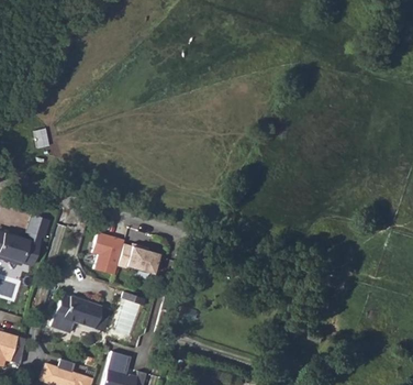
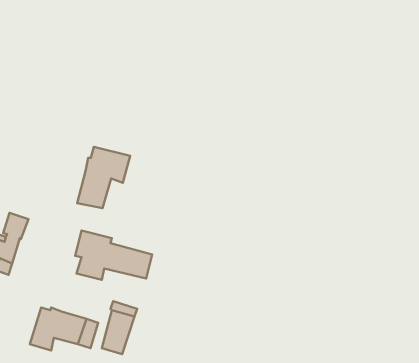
building: none -> [77,147,130,208]

